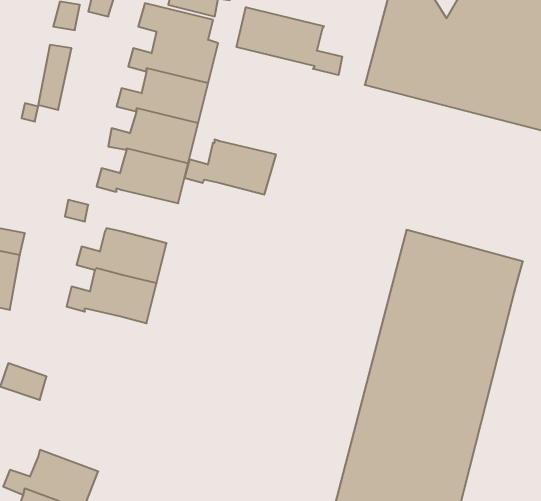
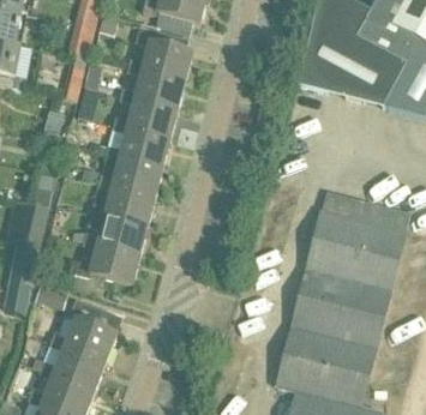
building: [237,7,342,75] -> none
building: [185,140,276,195] -> [97,157,163,197]
building: none -> [71,243,140,294]
building: none -> [48,297,116,361]

